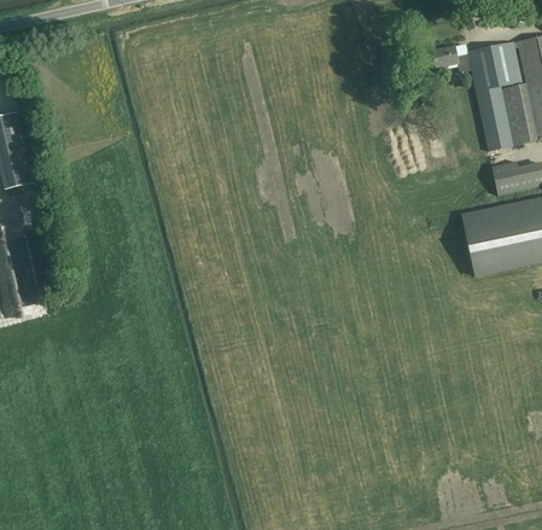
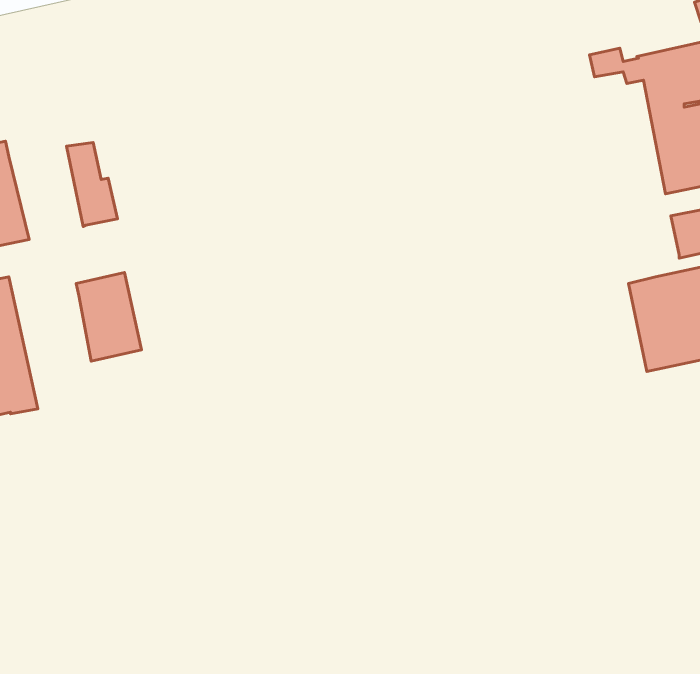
building: none -> [66,142,118,226]
building: none -> [76,273,141,361]

